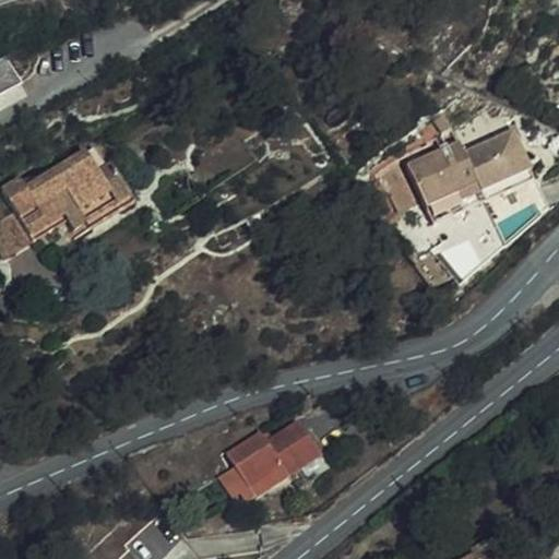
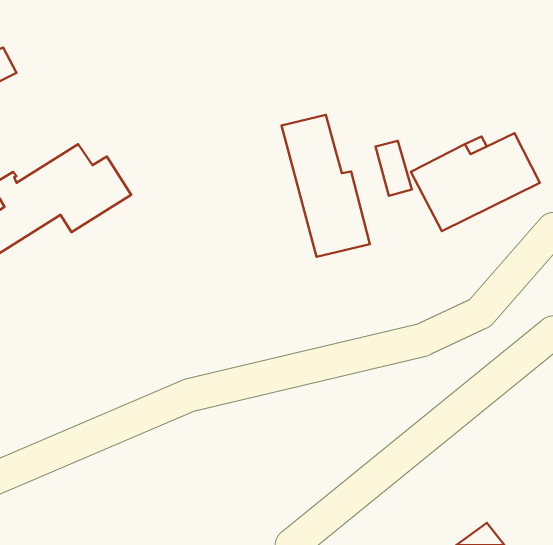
building: none -> [282,115,370,257]
building: [223,427,319,500] -> none

